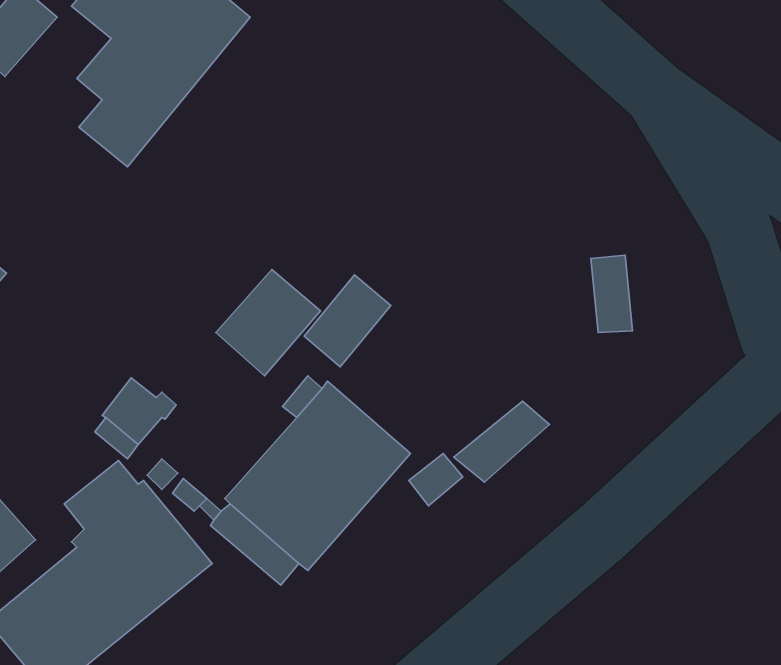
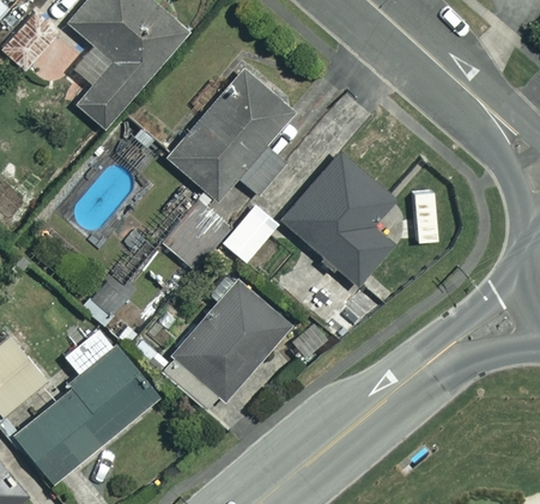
building: none -> [166,63,298,200]
building: none -> [281,148,398,286]

